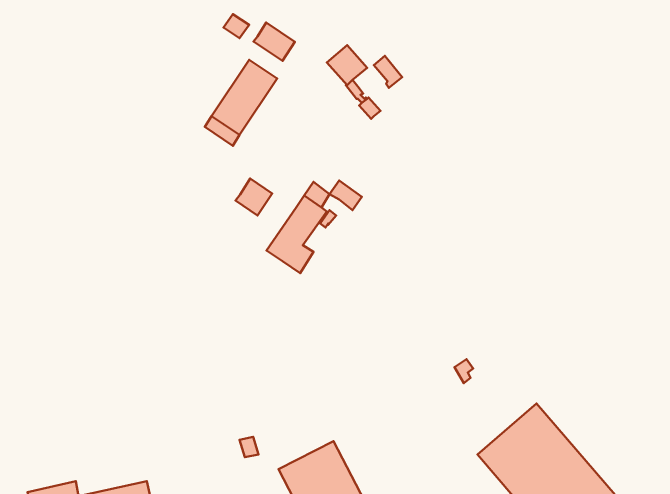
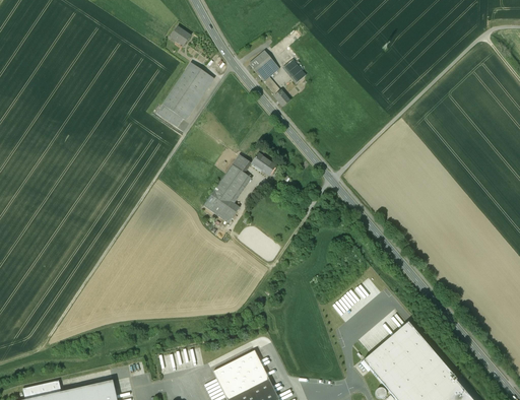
building: [254,22,295,61] -> none
building: [235,179,272,216] -> none

